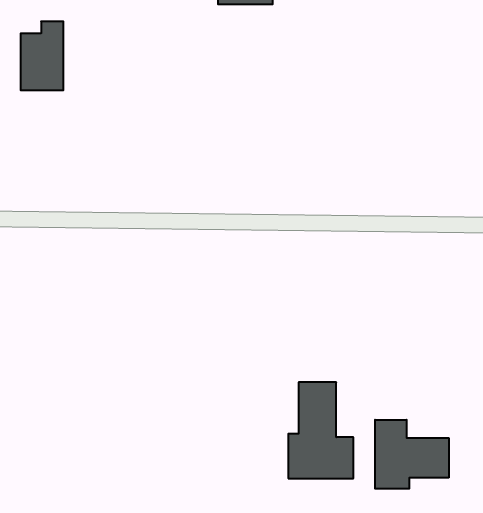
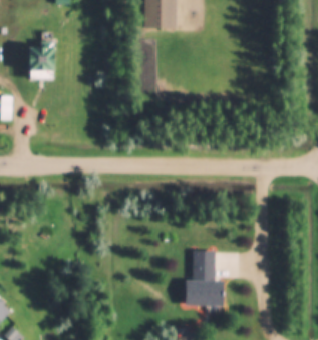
building: [375,420,449,489] -> none

